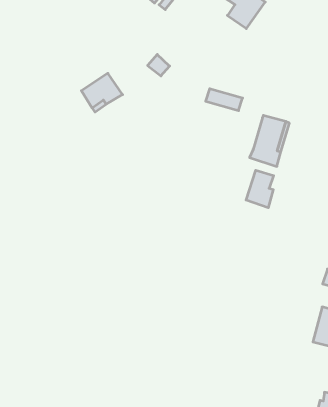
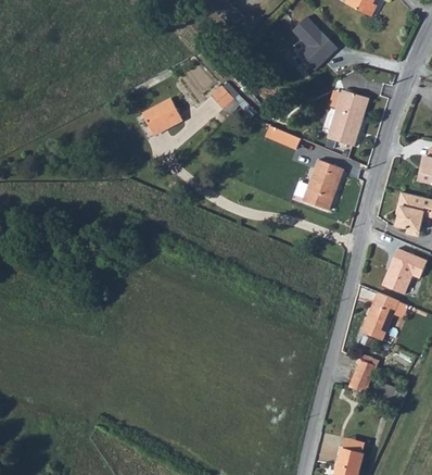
building: none -> [330,89,373,147]
building: [246,170,274,208] -> none

